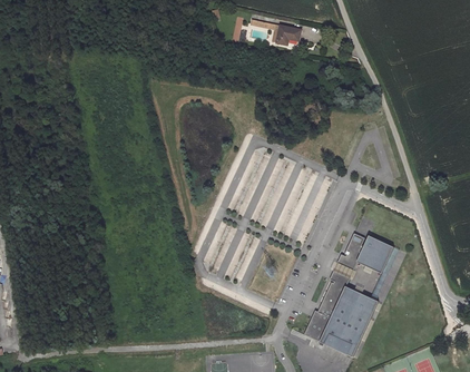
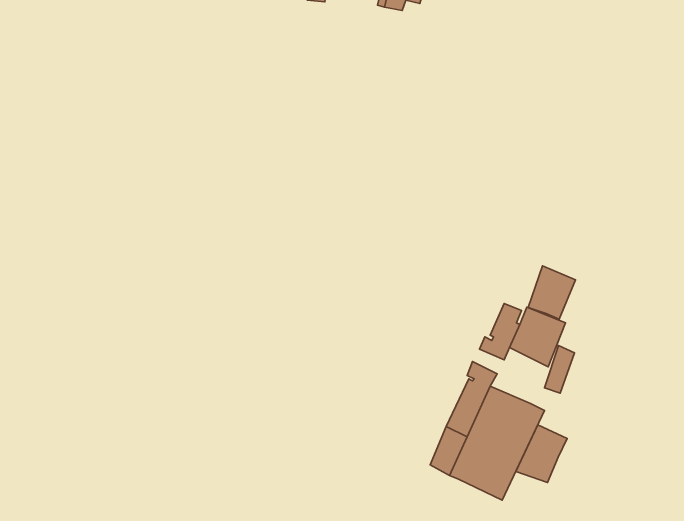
building: none -> [528,266,575,319]
building: none -> [516,425,567,482]

